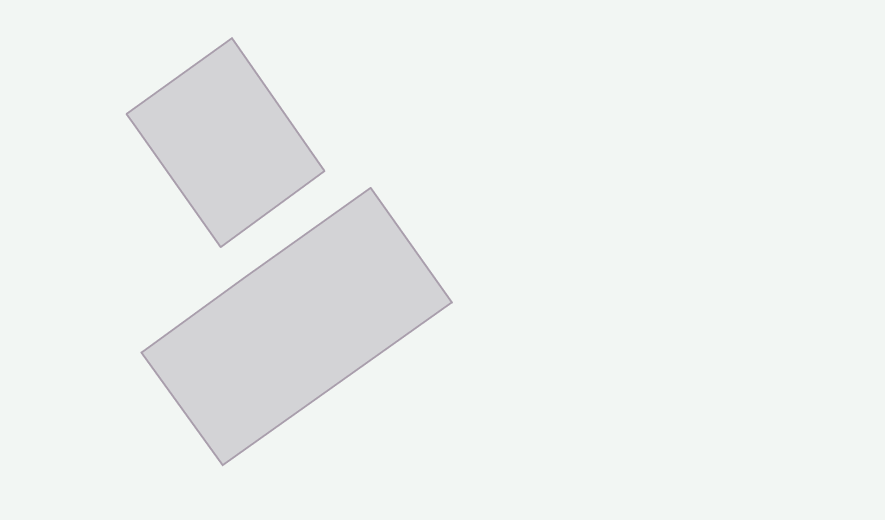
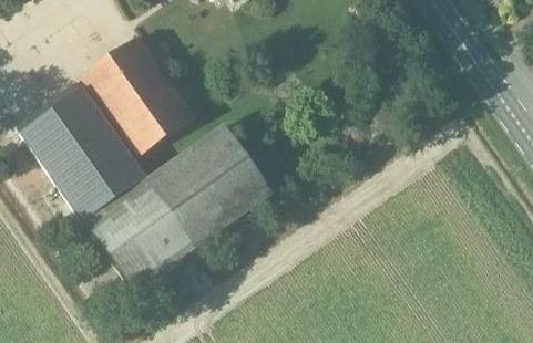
building: none -> [20,87,146,222]

